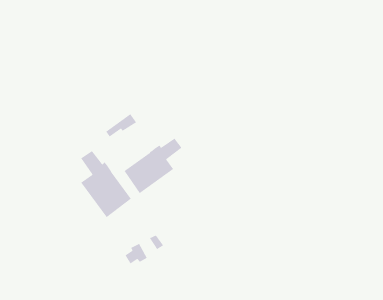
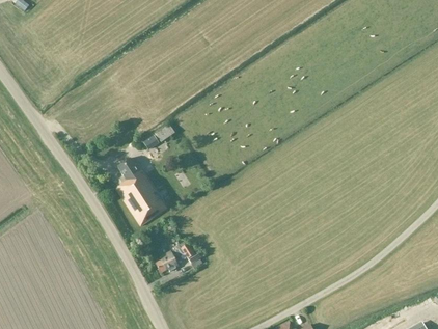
building: [123,138,183,194] -> none

